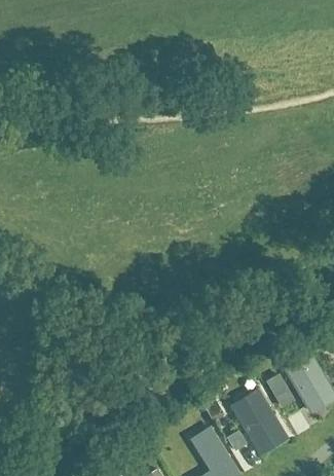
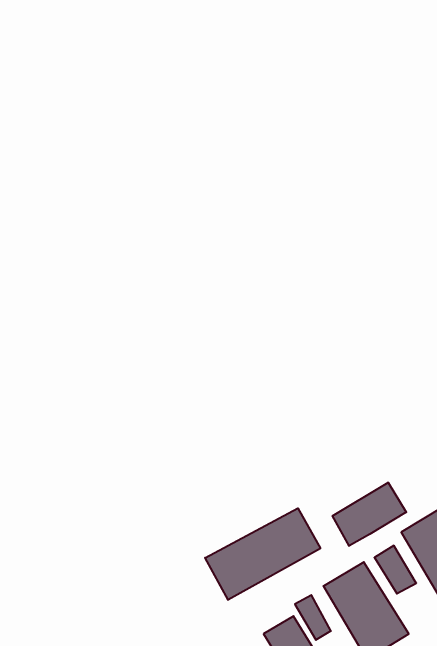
building: none -> [333,482,406,546]
building: none -> [205,508,320,600]

